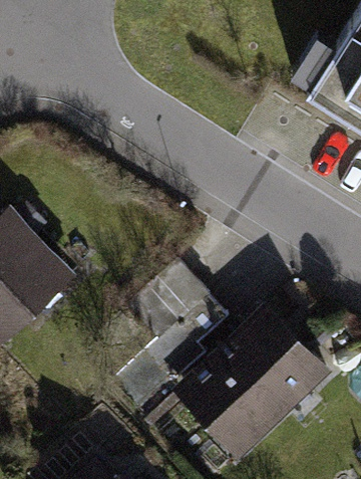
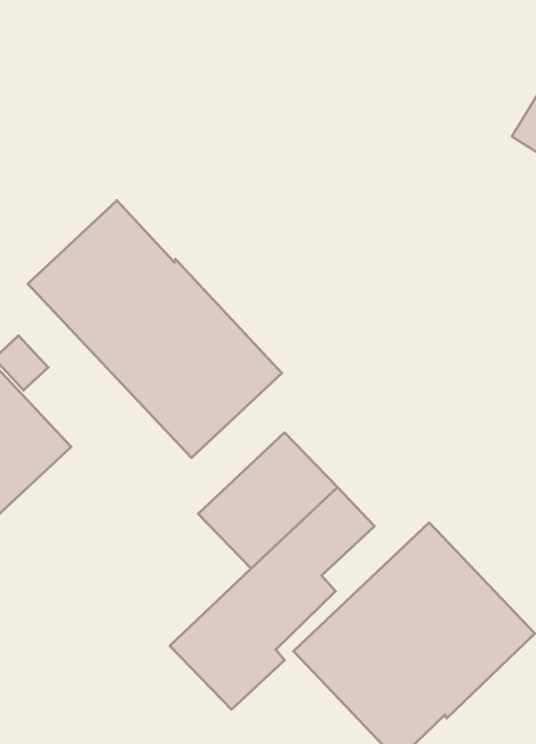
building: none -> [28,200,282,458]

